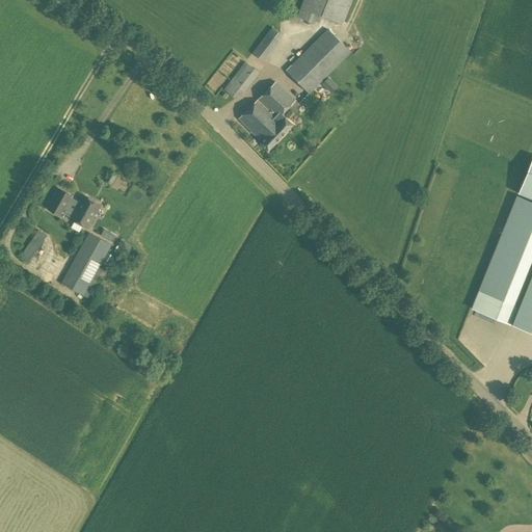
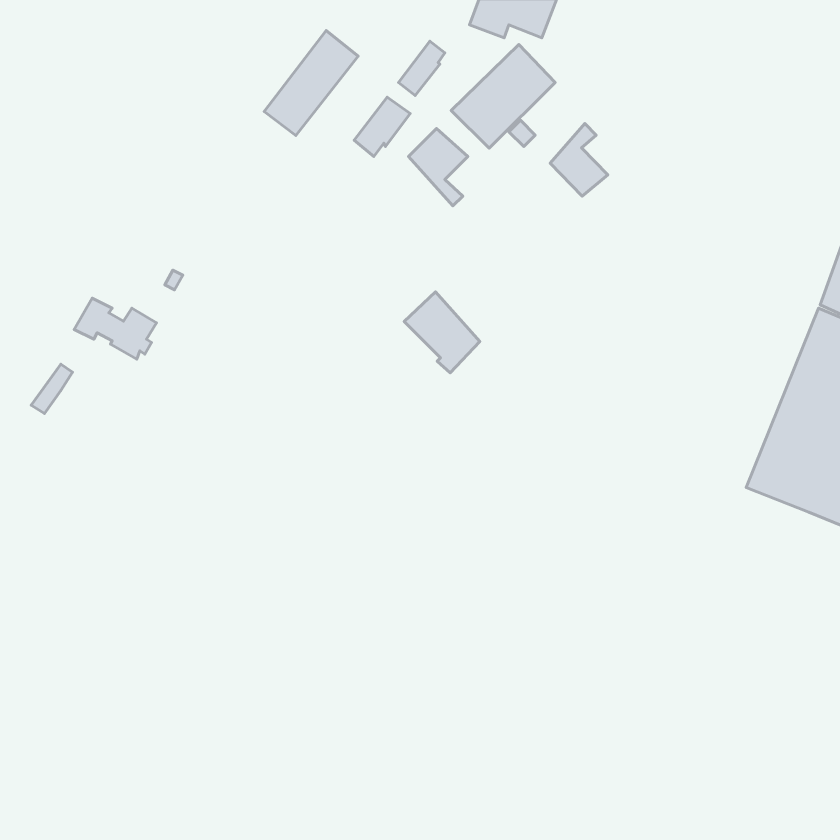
building: none -> [264,31,358,135]
building: none -> [550,124,608,196]
building: [239,99,287,150] -> [404,292,480,373]
building: [62,232,111,294] -> none

